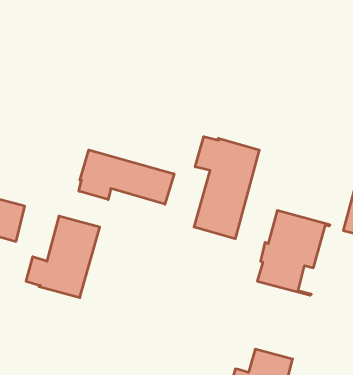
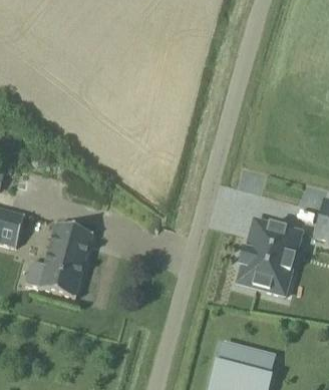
building: [194,137,259,239] -> none
building: [79,150,174,204] -> none

